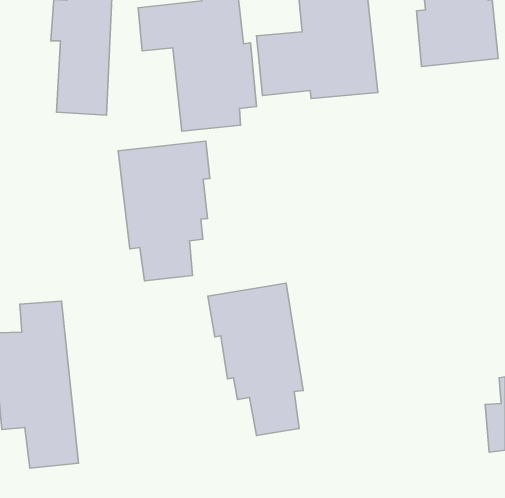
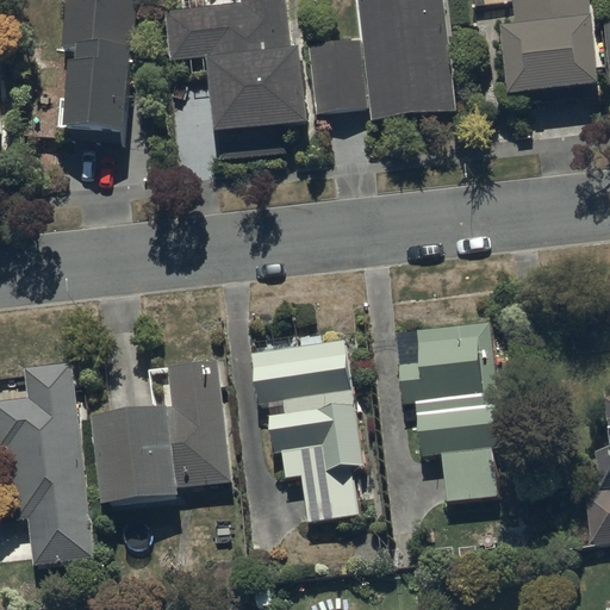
building: [118,141,210,281] -> none
building: none -> [399,320,502,502]
building: none -> [94,359,230,505]

